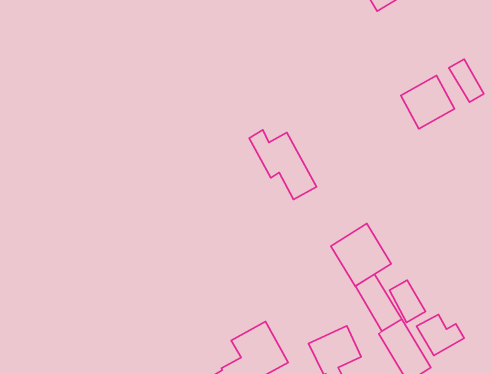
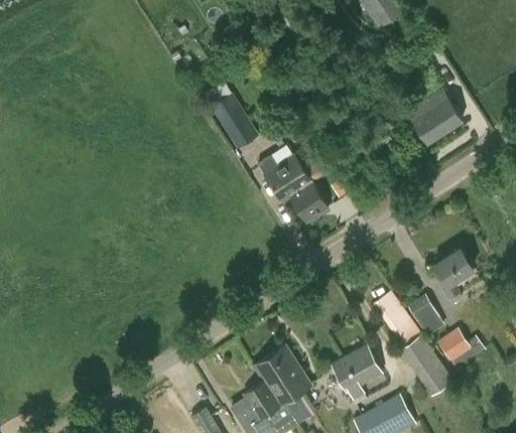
building: [449,59,484,102] -> none
building: none -> [209,92,259,150]
building: [331,224,391,286] -> none
building: none -> [435,248,474,296]

